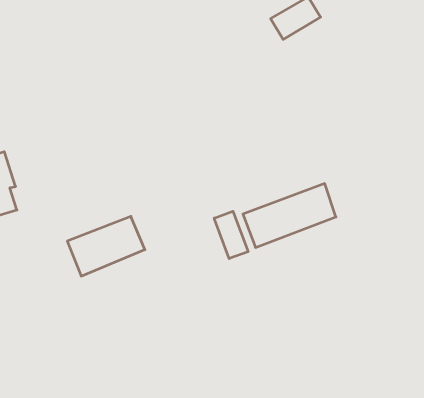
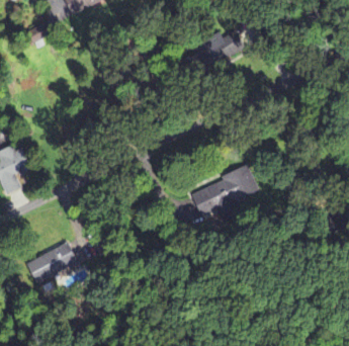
building: [214,211,248,259] -> none
building: [67,216,145,276] -> [26,242,83,285]

